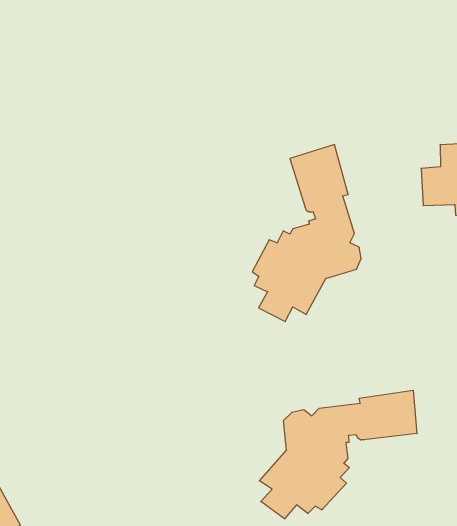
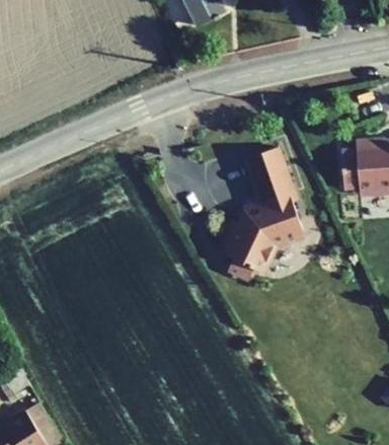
building: [259,390,417,519] -> none

